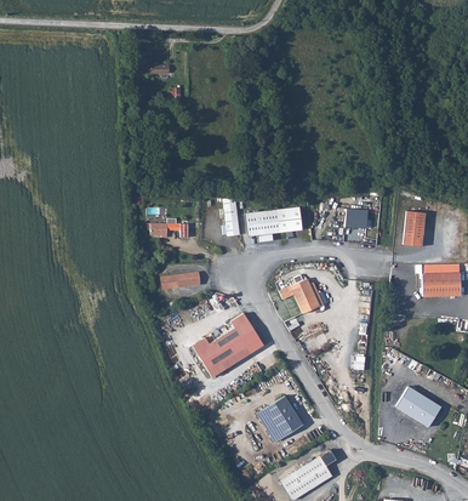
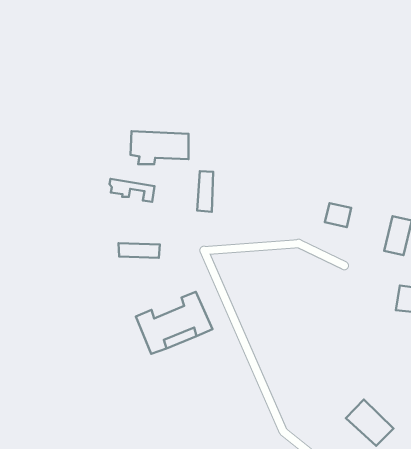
building: [247,209,303,244] -> [130,131,189,164]
building: [280,279,324,314] -> none
building: [258,397,304,443] -> none

